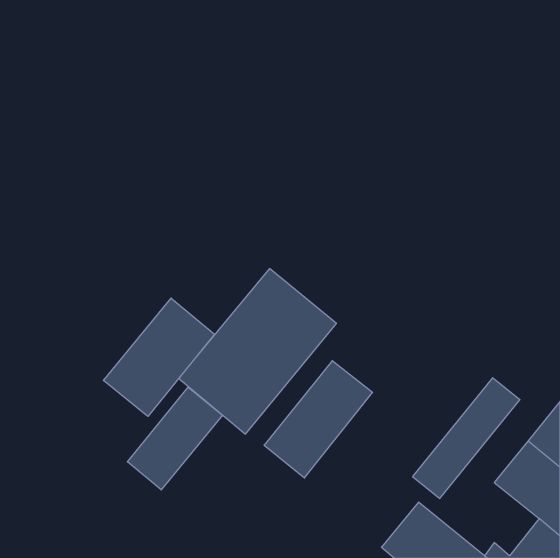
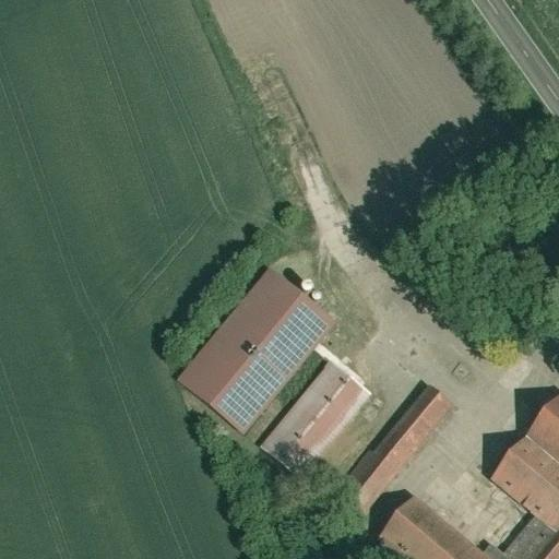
building: [103,298,214,416] -> none
building: [413,378,520,498] -> [344,383,451,503]
building: [127,387,223,490] -> none

